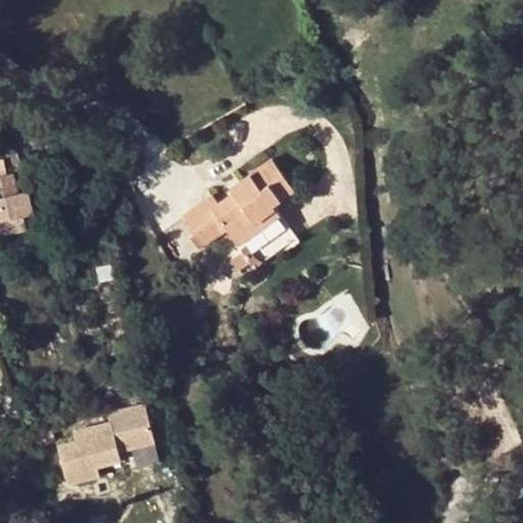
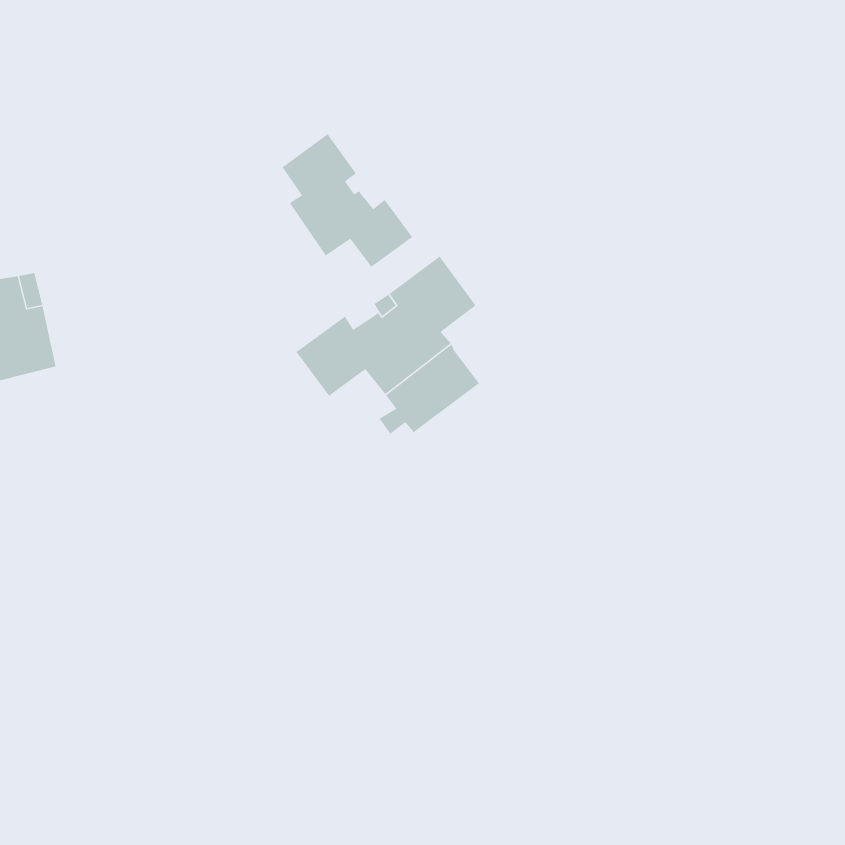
building: none -> [281,133,413,268]
building: [54,406,151,484] -> none

